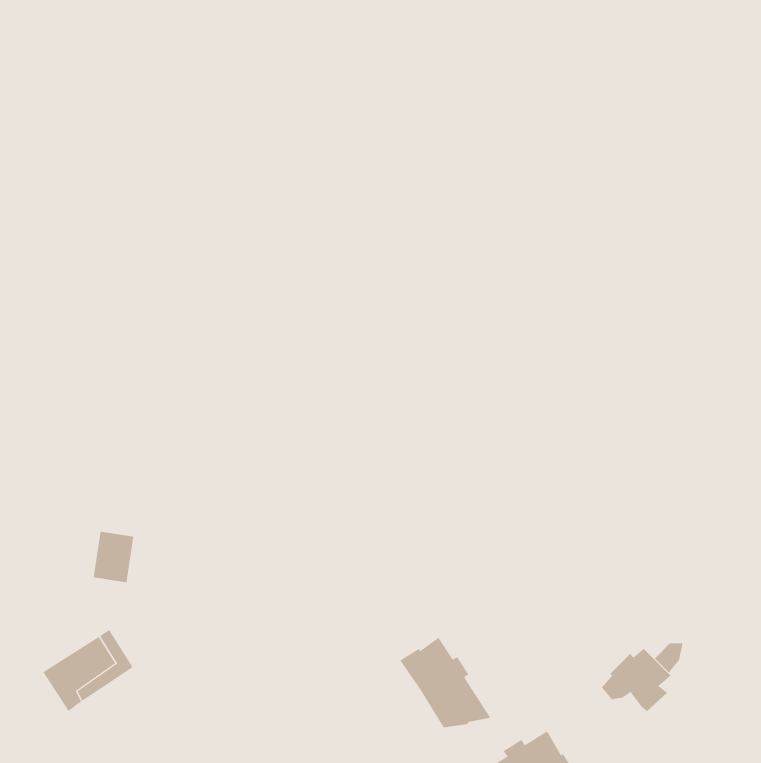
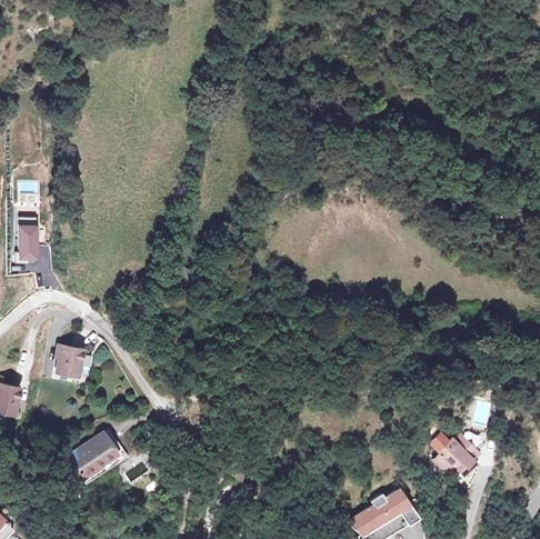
building: [93,531,134,583] -> [54,341,81,375]
building: [400,637,491,728] -> none

